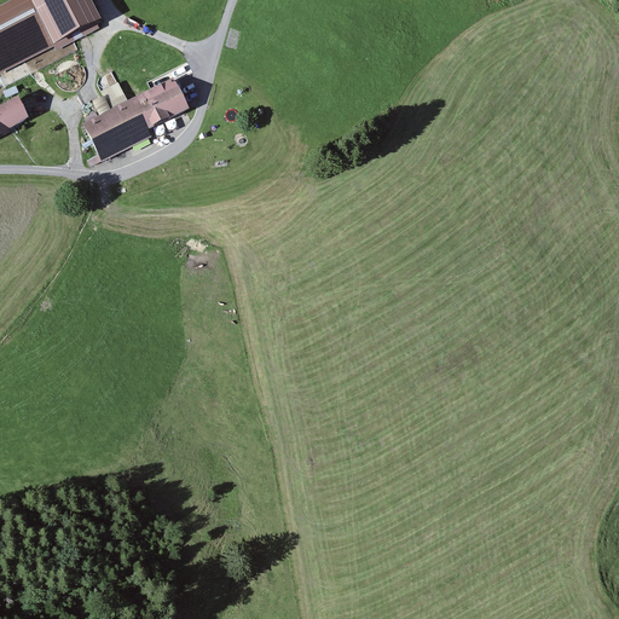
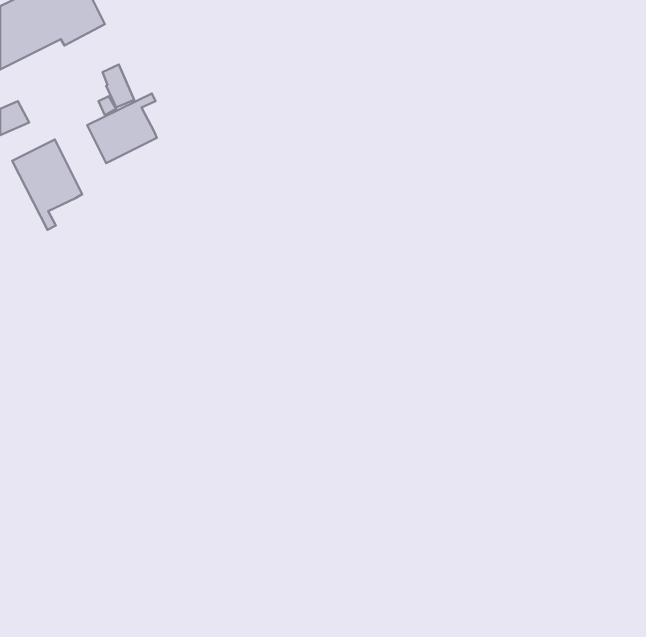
building: [135,82,189,126] -> none
building: none -> [12,140,82,230]

